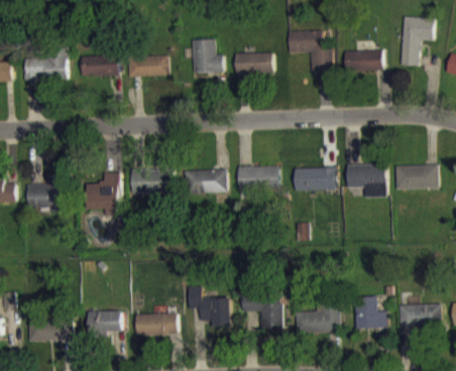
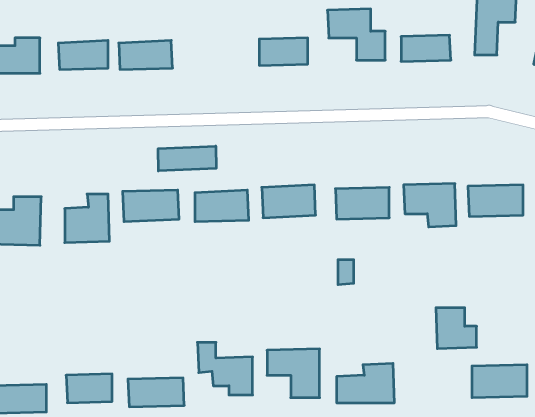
building: [192,39,223,74] -> none
building: none -> [158,146,216,171]
building: [354,297,385,329] -> [436,308,477,349]

